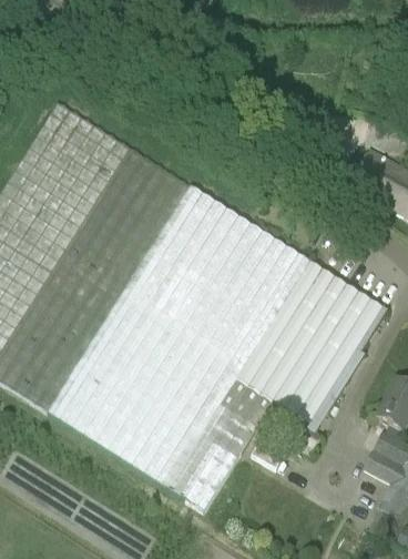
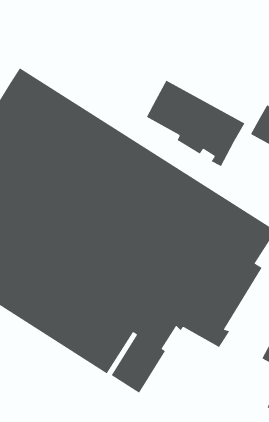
building: none -> [146,80,245,167]

